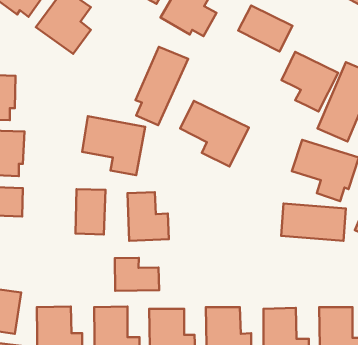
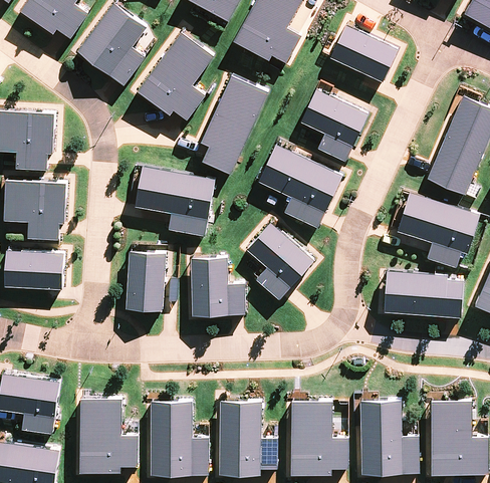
building: none -> [138,33,213,118]
building: [281,52,338,112] -> [299,88,370,163]
building: none -> [246,222,314,300]
building: [115,258,159,291] -> none

